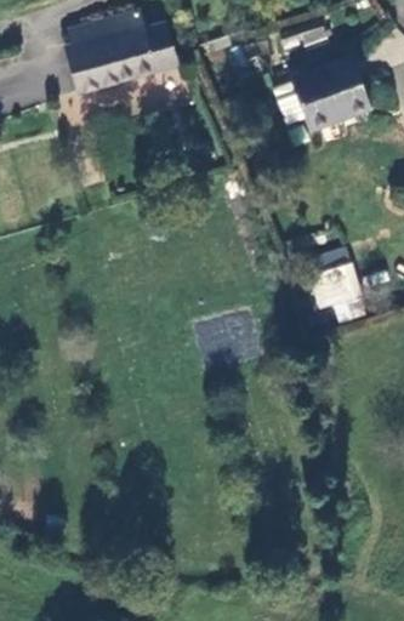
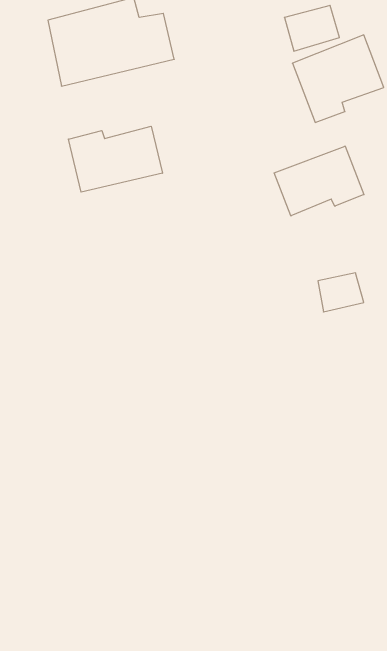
building: none -> [68,126,162,192]
building: none -> [274,146,364,216]

